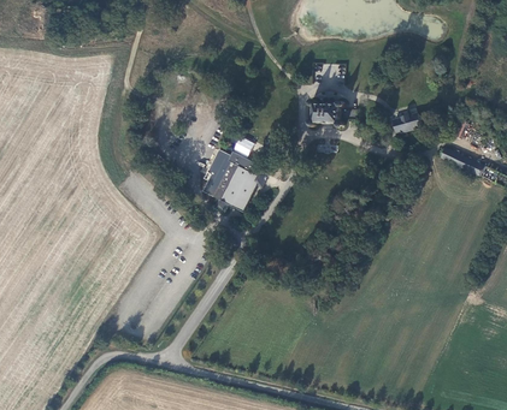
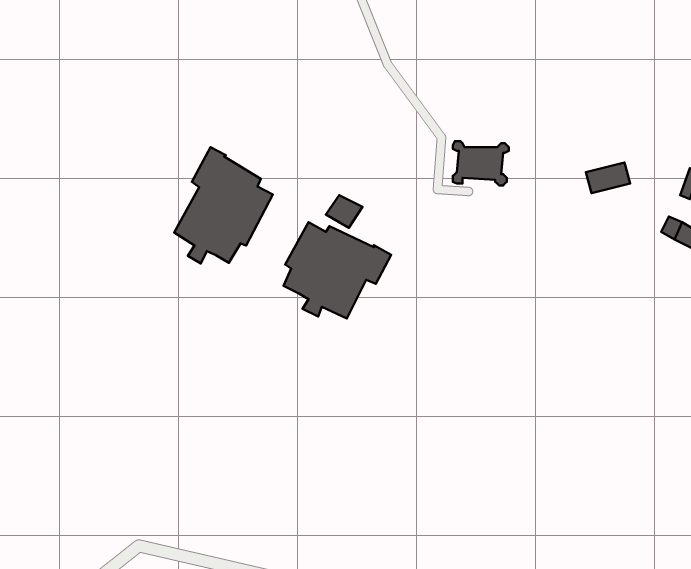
building: none -> [174,147,273,263]

